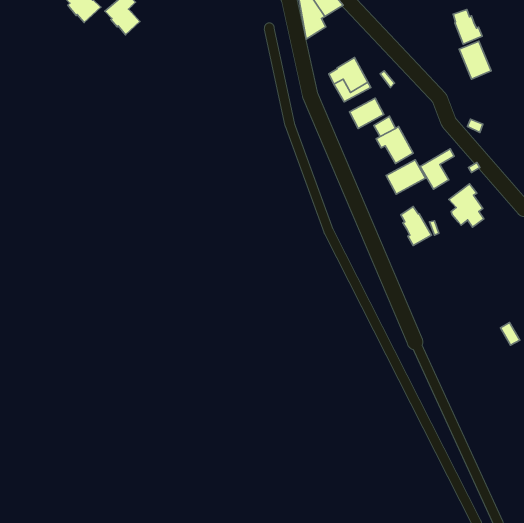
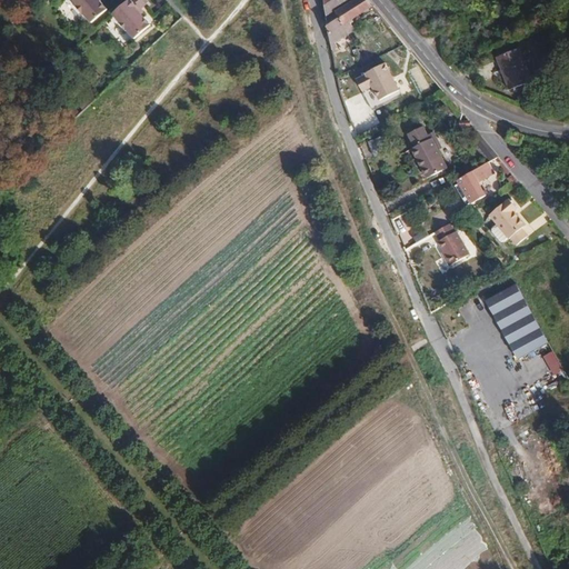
building: [453,10,482,44] -> none
building: [350,98,384,128] -> none
building: [386,160,425,194] -> none
building: none -> [483,282,546,358]

